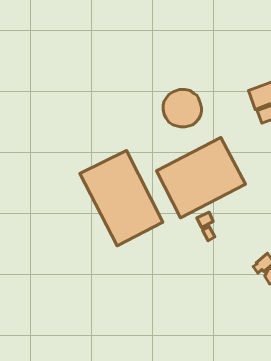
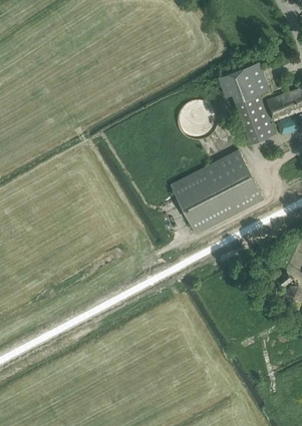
building: none -> [221,60,277,142]
building: [80,150,163,246] -> none

